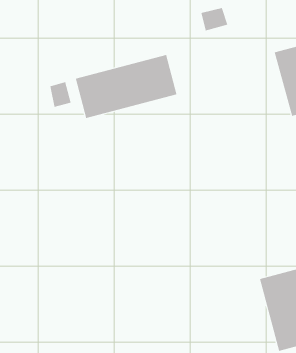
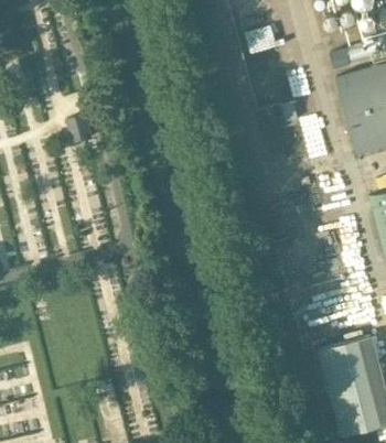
building: [75,54,177,119] -> none

